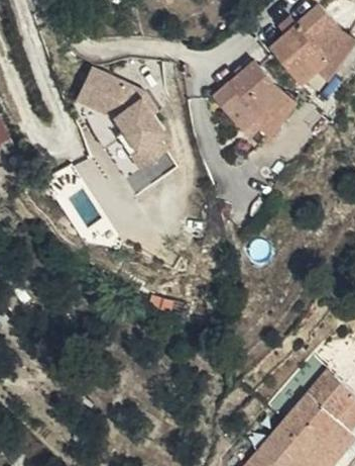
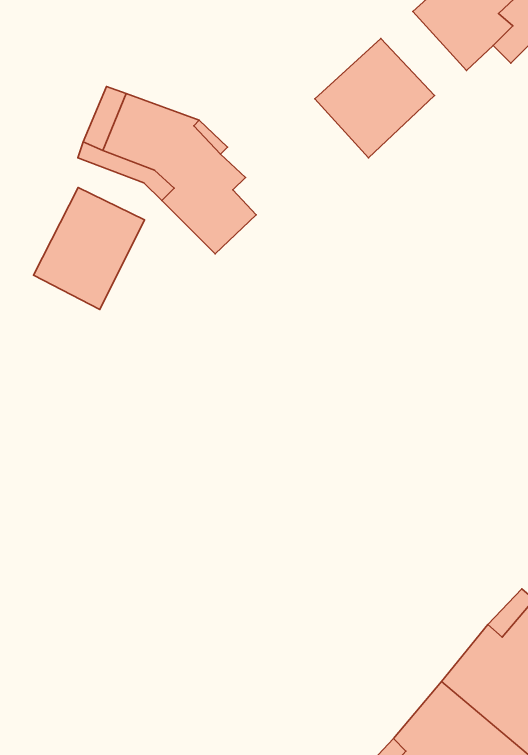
building: [241,89,289,134] -> none
building: none -> [34,187,144,309]

